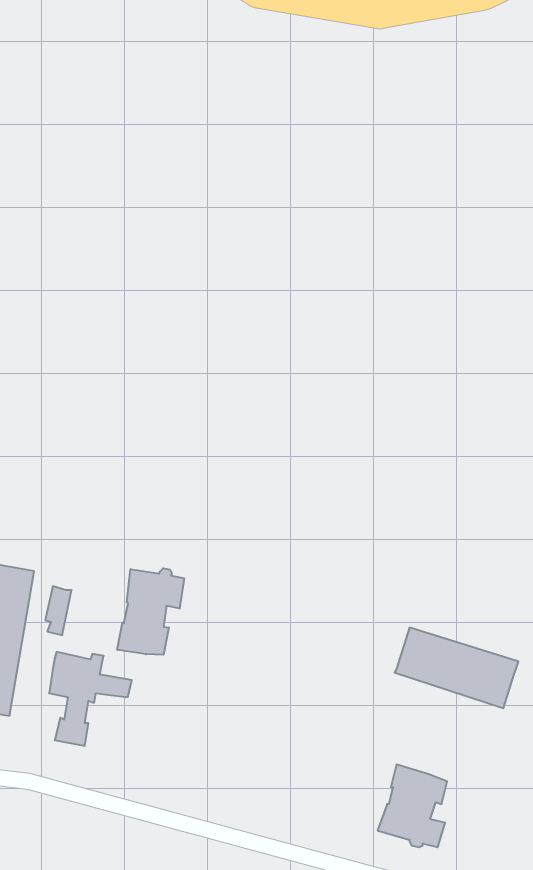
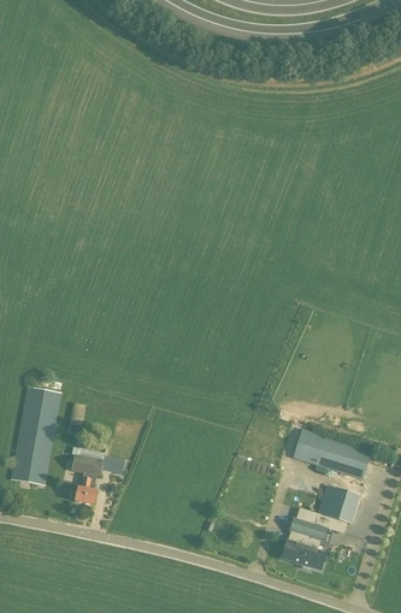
building: [117,568,184,655] -> none
building: none -> [314,483,360,530]

